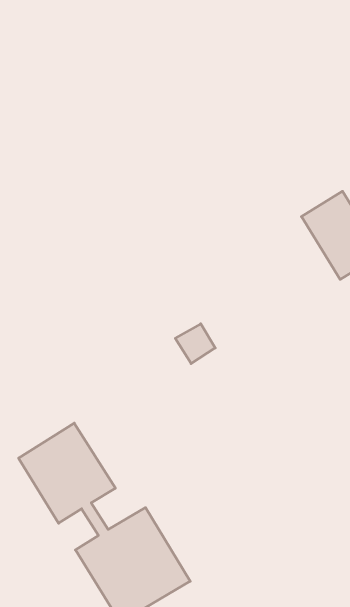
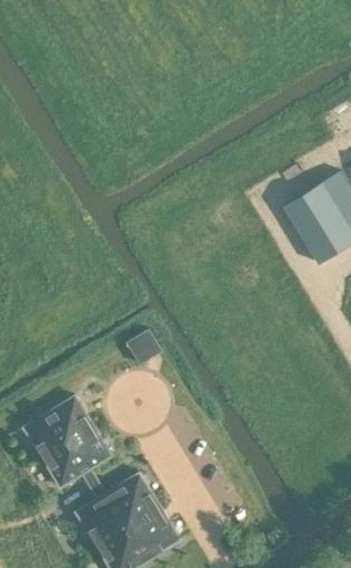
building: [175,324,215,364] -> [126,329,162,366]

